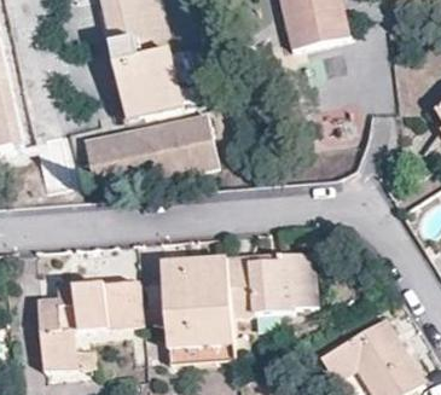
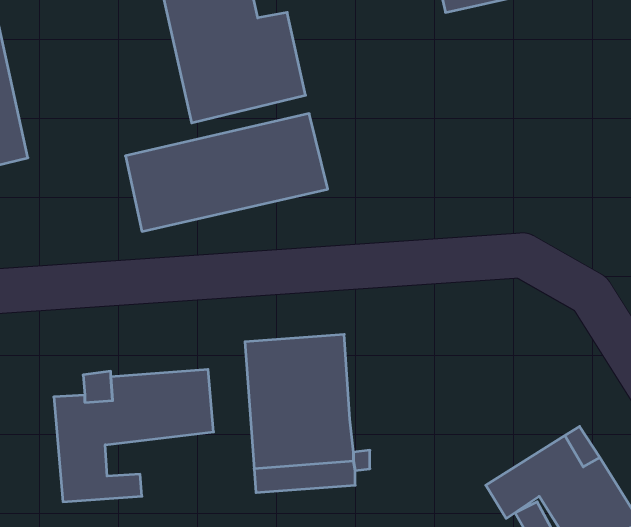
building: [228,251,318,313] -> none

